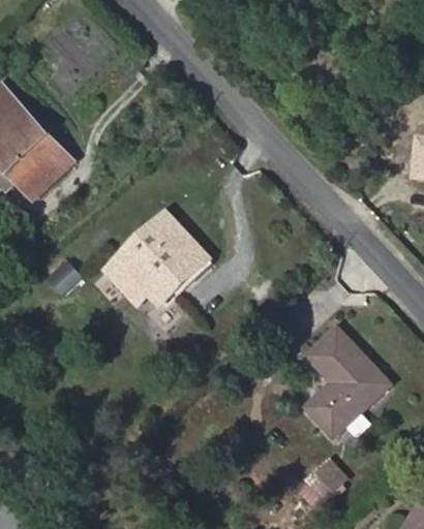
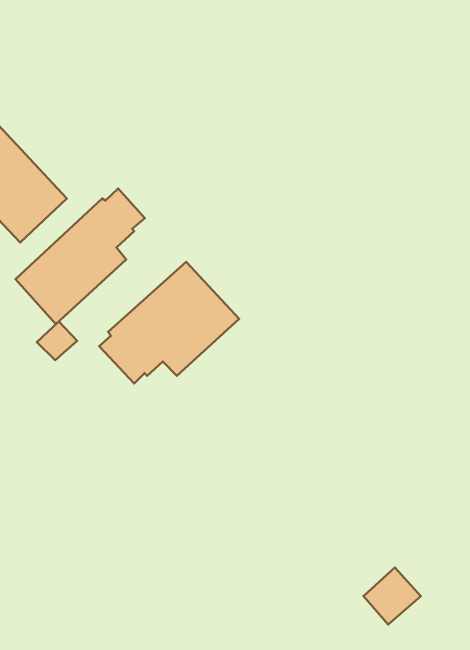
building: none -> [15,189,145,324]
building: [307,329,389,436] -> none

